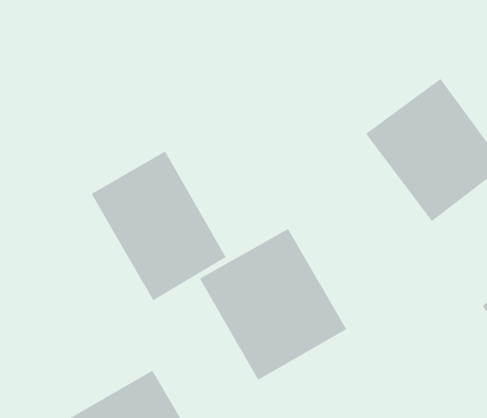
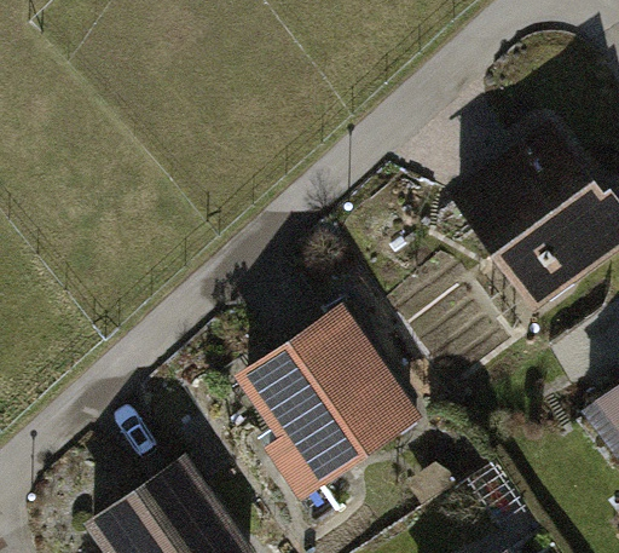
building: [91,151,227,301] -> none

